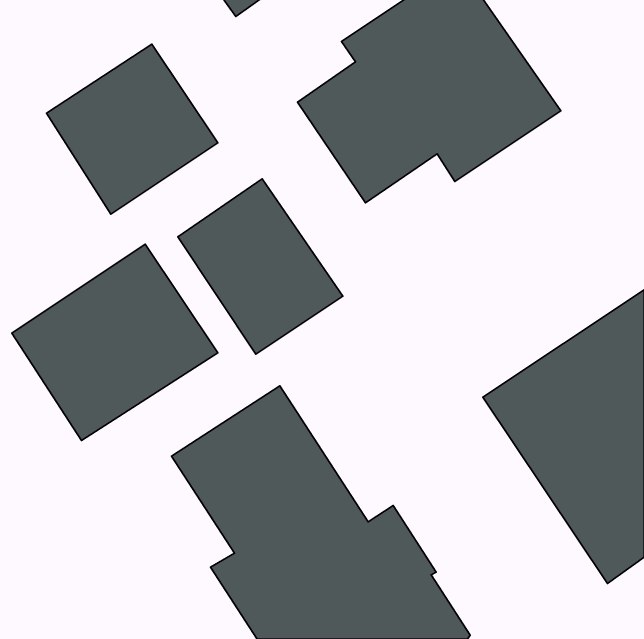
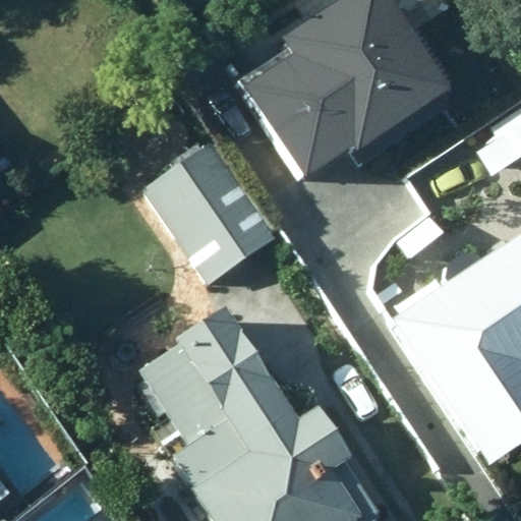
building: [46,44,218,214] -> none
building: [12,244,218,440] -> none

